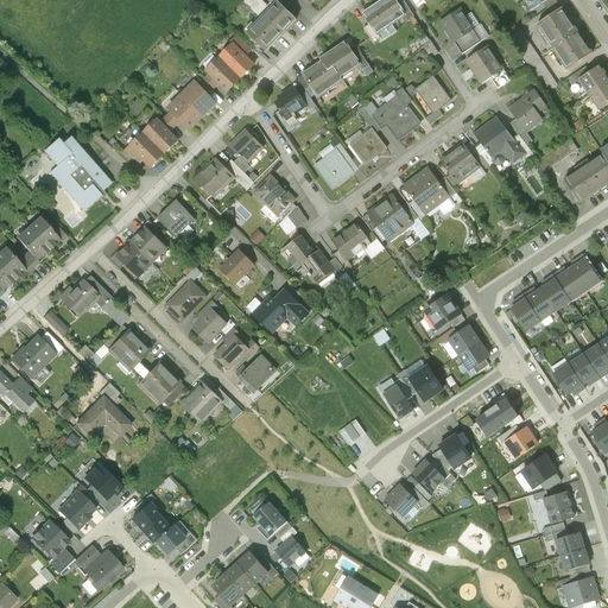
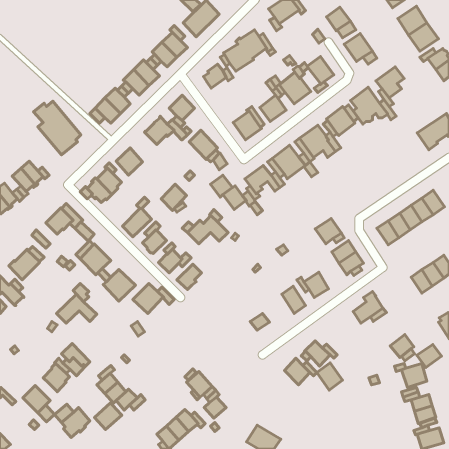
building: [505,428,538,458] -> [417,345,442,368]
building: [438,430,473,467] -> [317,363,342,390]
building: none -> [94,403,122,429]

